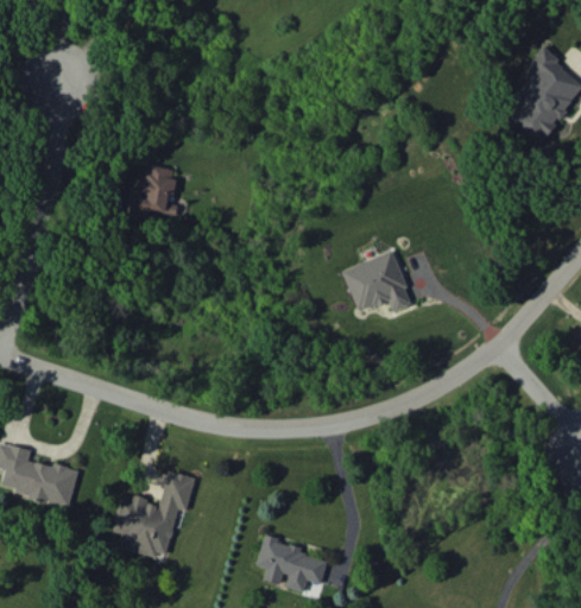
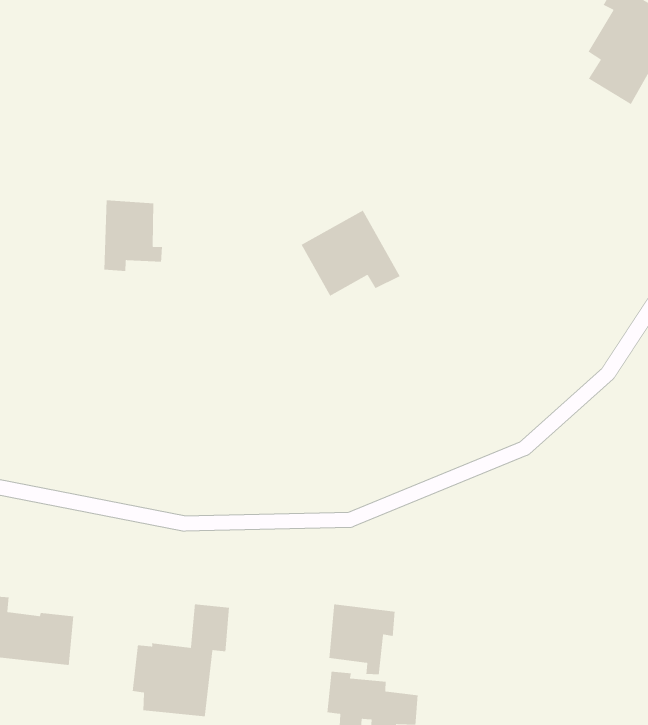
building: [342,251,413,312] -> [301,209,401,297]
building: none -> [329,604,395,675]

